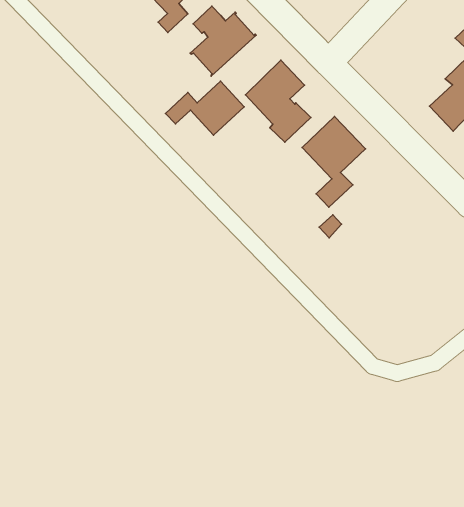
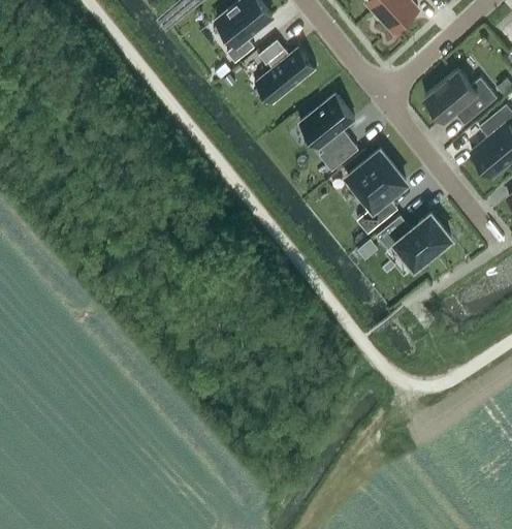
building: none -> [425,70,498,122]
building: [166,81,244,135] -> none
building: none -> [376,215,451,269]

